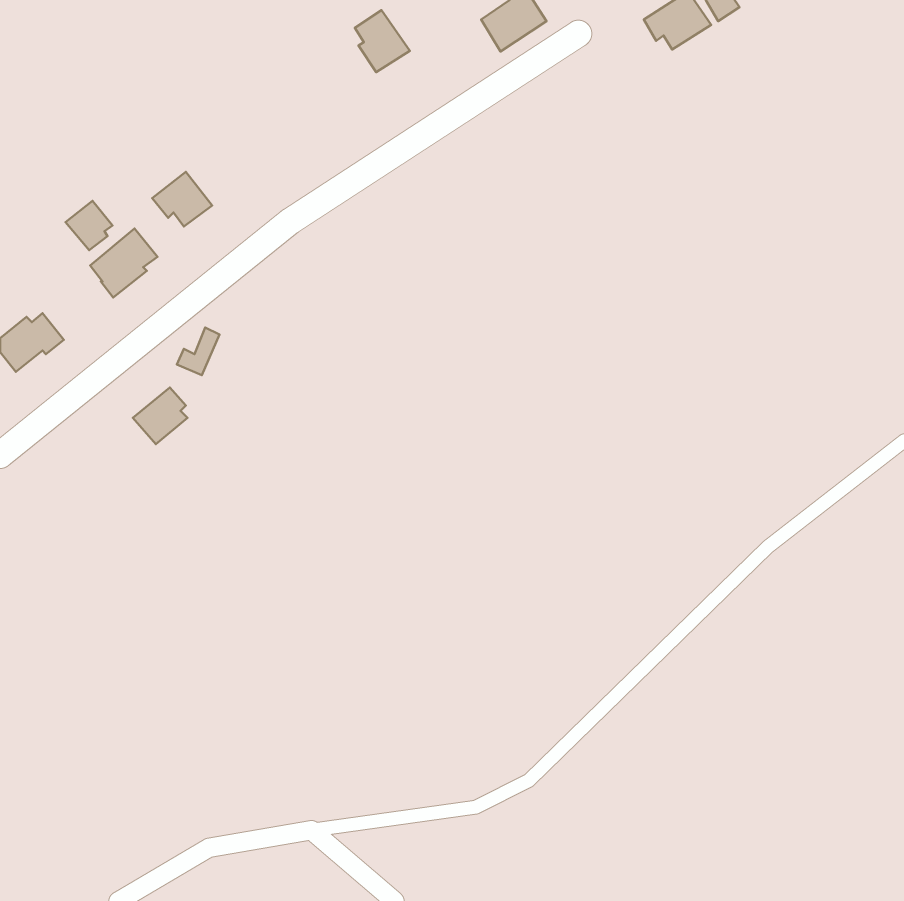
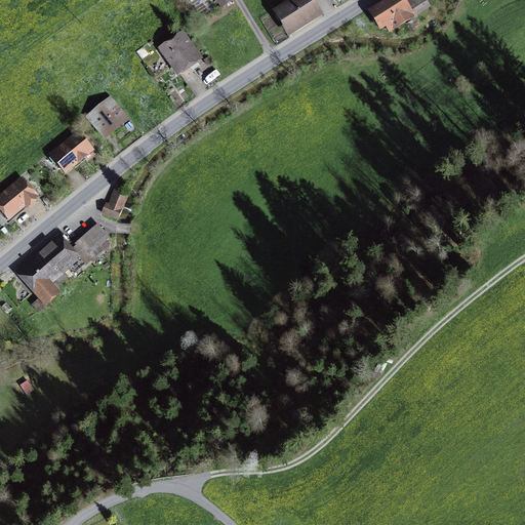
building: [355,10,410,72] -> [166,34,198,70]
building: [66,201,112,250] -> none
building: none -> [23,233,84,310]

